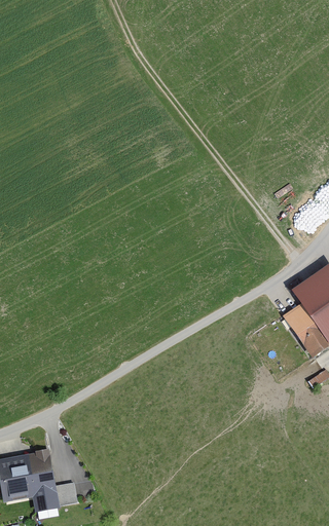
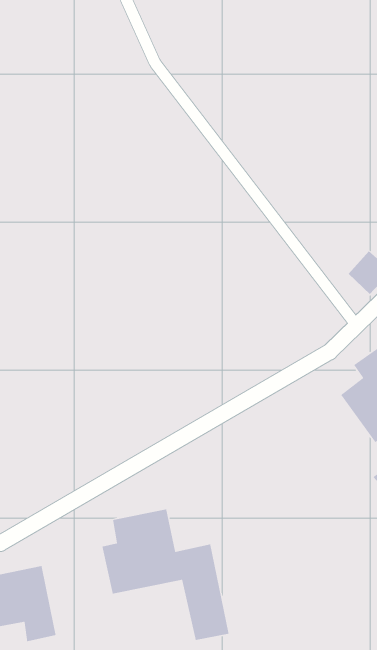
building: none -> [101,509,230,641]
building: [54,482,77,505] -> none

